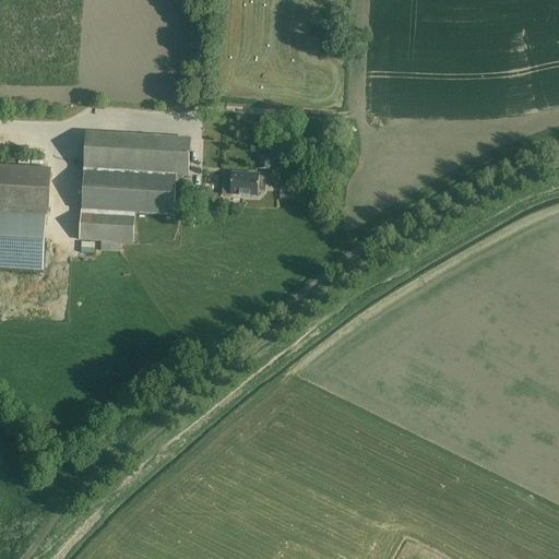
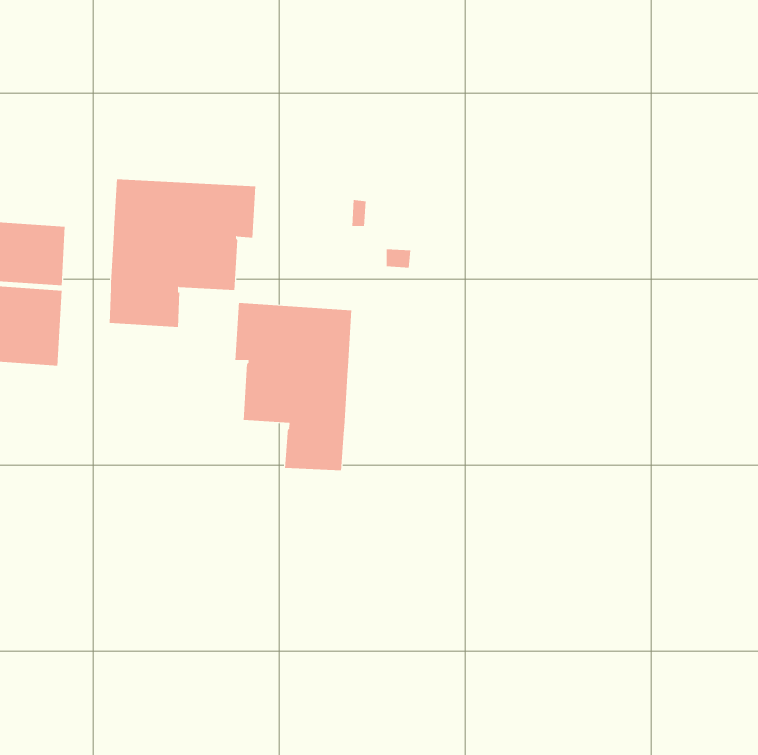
building: [221,169,263,193] -> none
building: none -> [235,302,352,471]

